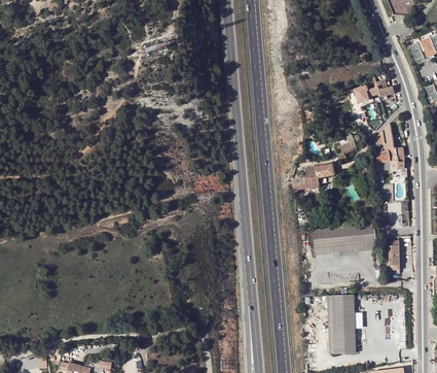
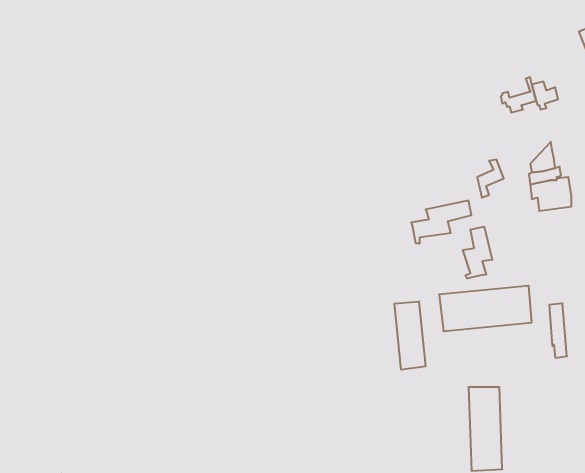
building: none -> [463,227,492,278]
building: none -> [395,301,425,370]

